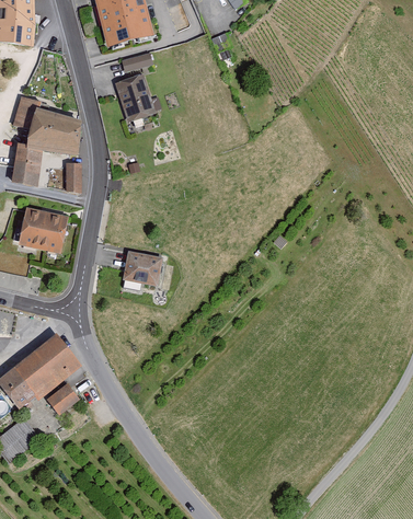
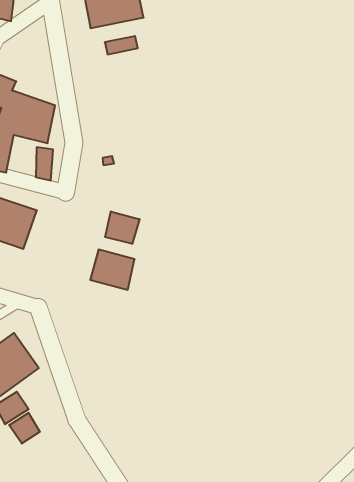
building: [115,74,154,122] -> none
building: none -> [105,211,140,244]
building: none -> [9,413,40,444]

